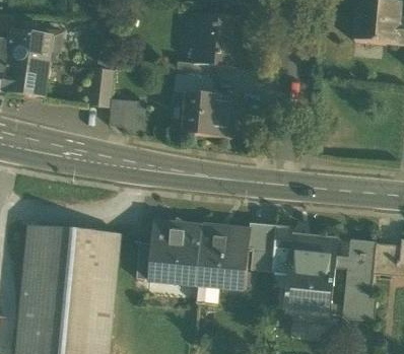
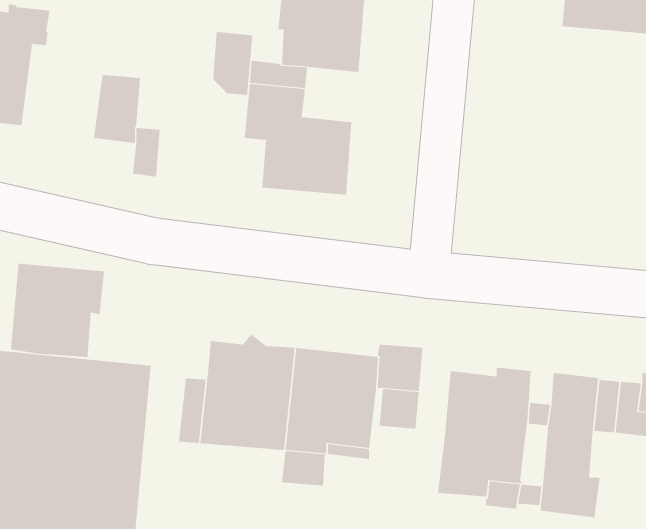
building: [122,98,145,135] -> [212,32,253,95]
building: none -> [10,263,105,358]
building: [270,224,291,272] -> none

